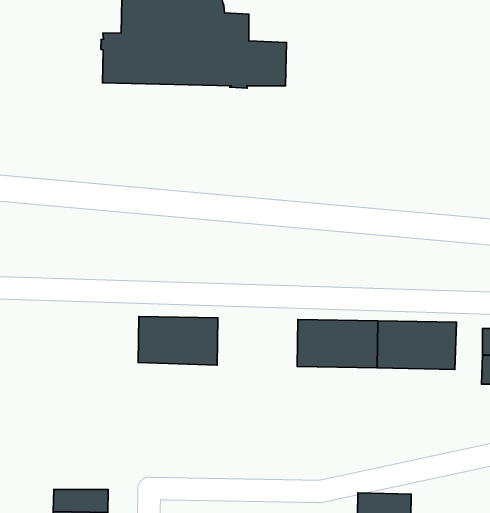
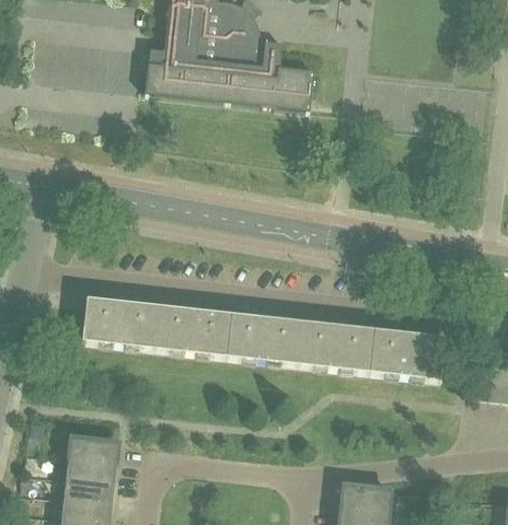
building: none -> [82,296,159,346]
building: none -> [226,312,302,362]
building: none -> [68,433,119,458]

